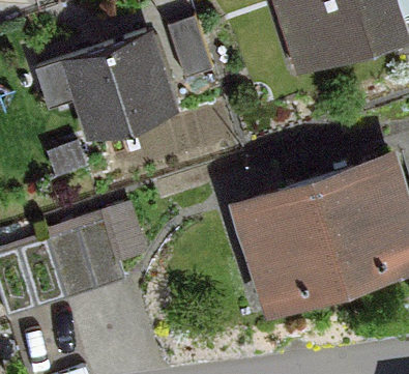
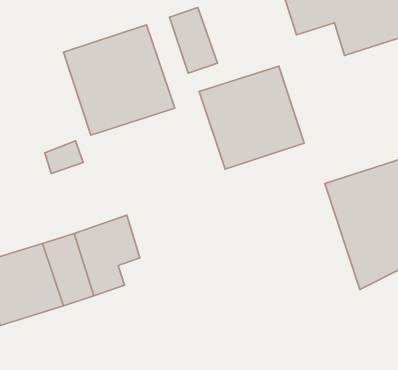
building: none -> [199,66,304,169]
building: [239,179,346,287] -> none

